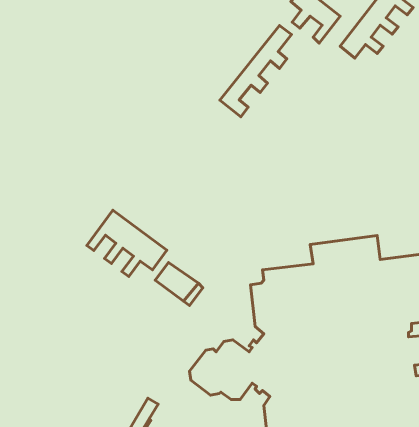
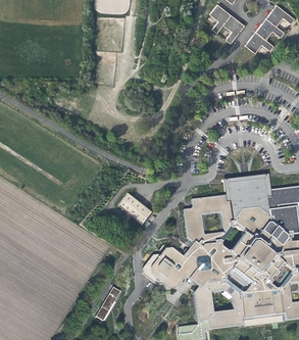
building: [220,26,292,117] -> none
building: [87,210,167,276] -> none

